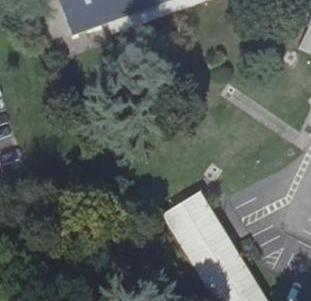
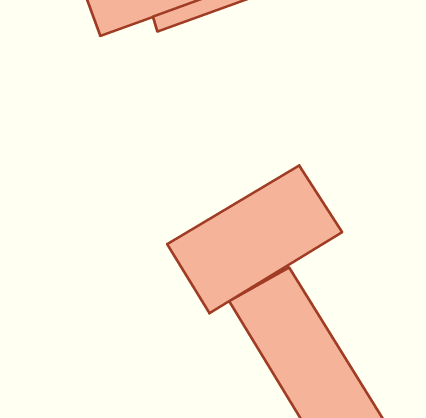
building: none -> [167,165,342,313]

